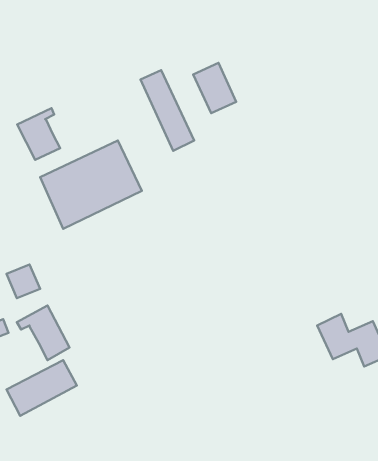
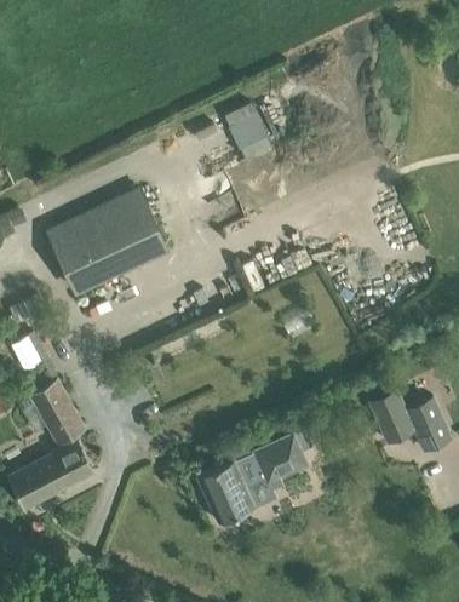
building: [140,70,194,151] -> none
building: [17,108,60,160] -> none
building: none -> [197,435,306,523]

